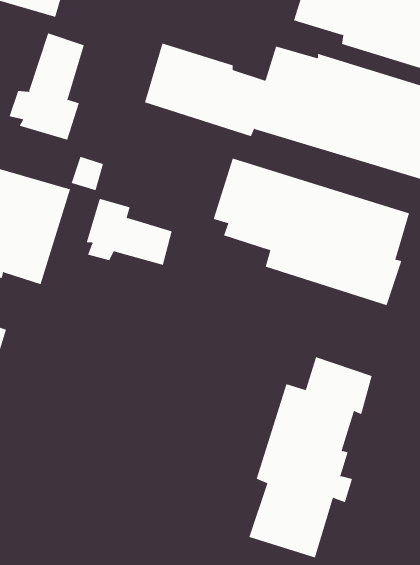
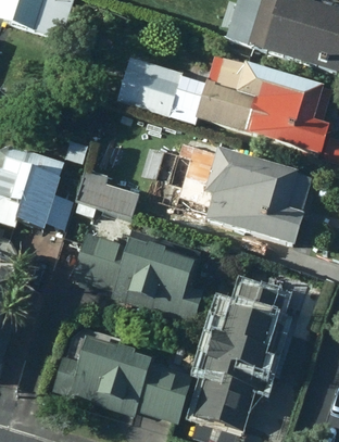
building: [9,32,84,141] -> none
building: none -> [72,227,205,321]
building: none -> [51,332,192,421]

